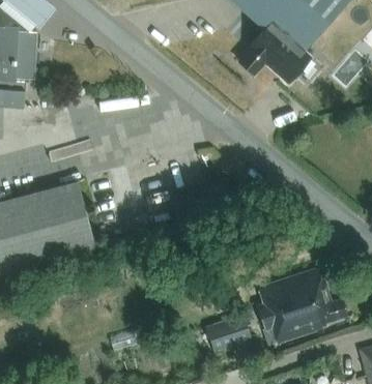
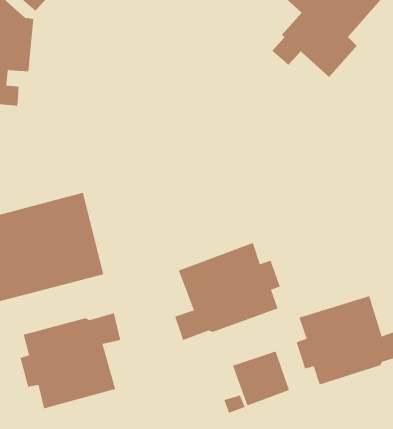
building: none -> [175,242,281,341]
building: none -> [20,313,121,409]

